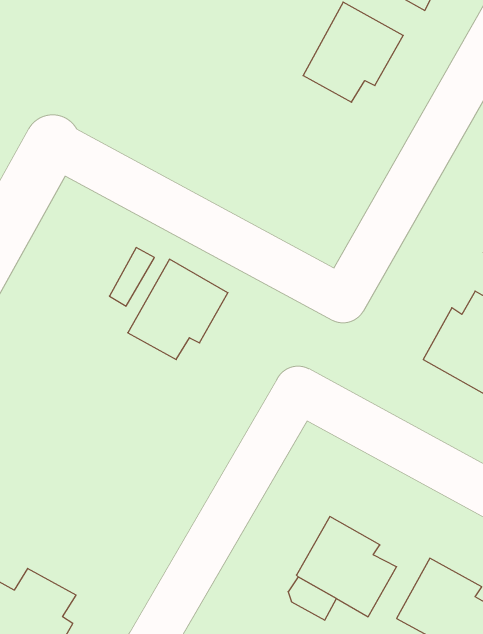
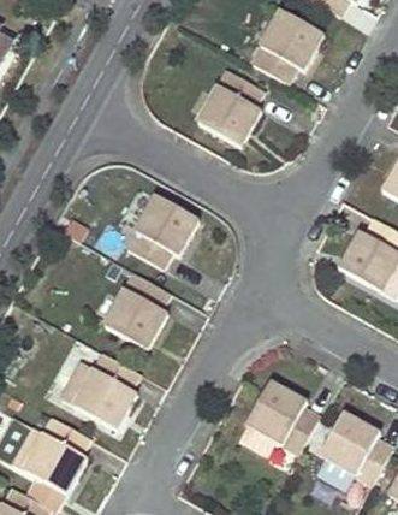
building: none -> [200,69,265,146]
building: none -> [100,272,168,350]
building: none -> [63,353,141,428]

